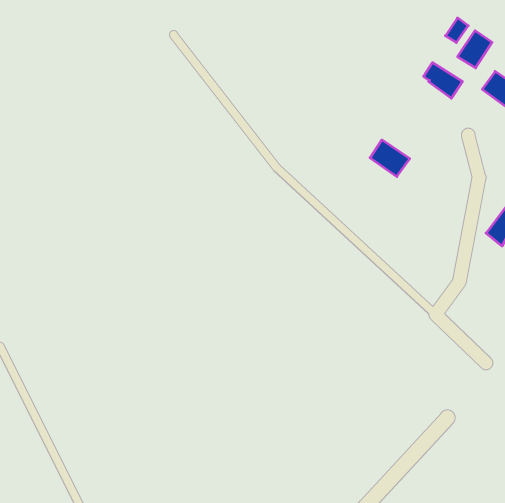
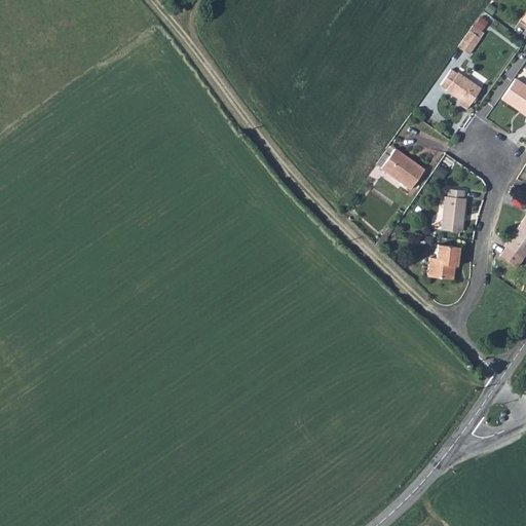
building: [458,31,492,68] -> none
building: none -> [441,191,466,233]
building: none -> [429,248,460,283]

